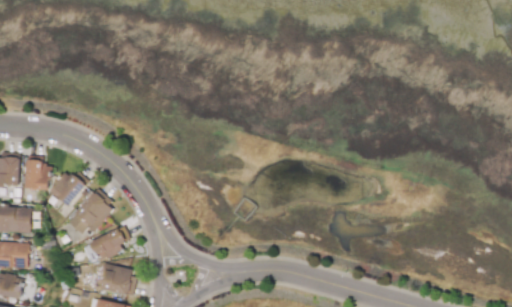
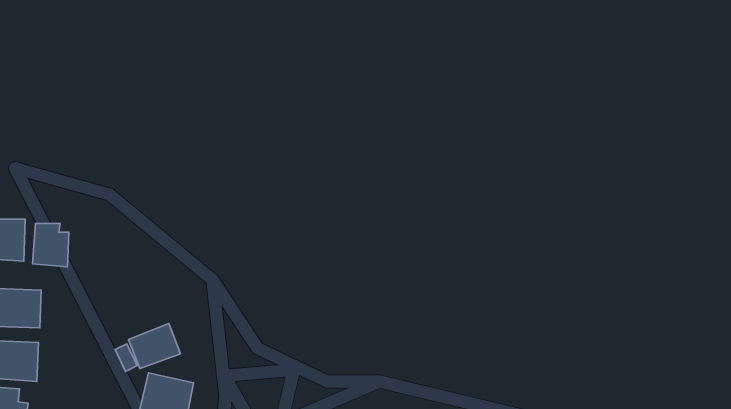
building: [49,170,85,207] -> none
building: [66,191,113,234] -> none

